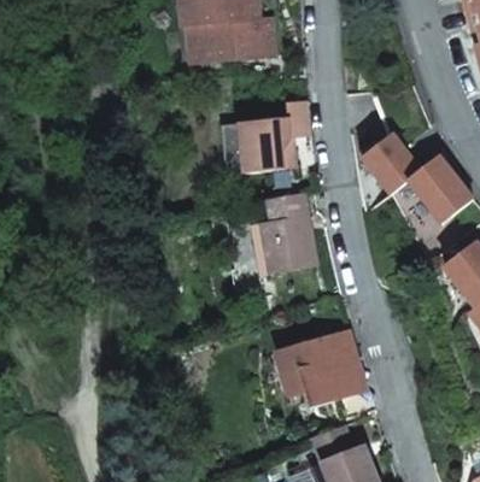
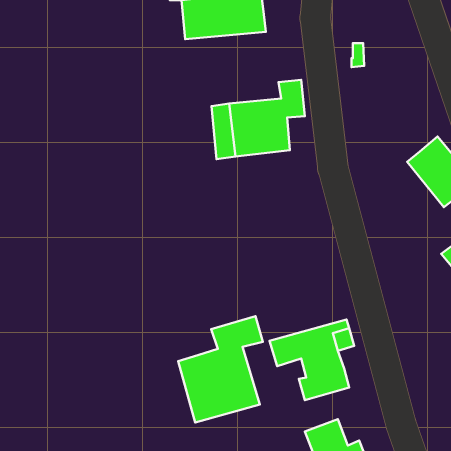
building: [365,134,422,192] -> none
building: [253,193,316,274] -> none
building: none -> [178,316,263,422]

